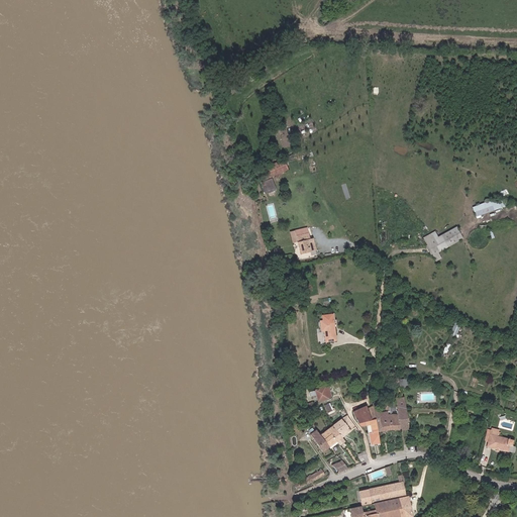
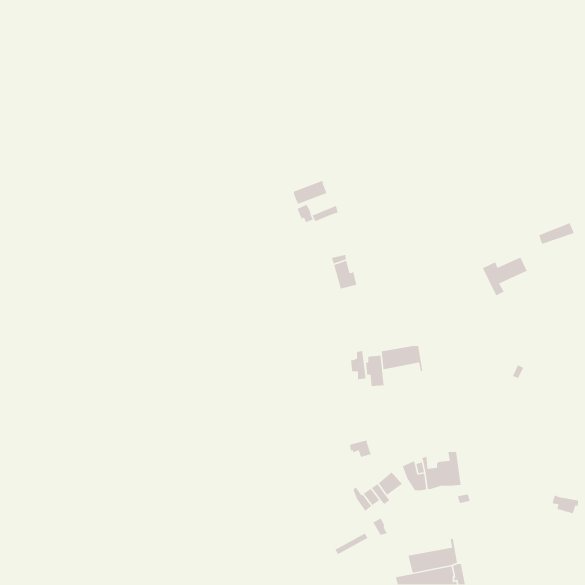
building: none -> [381,345,423,372]

